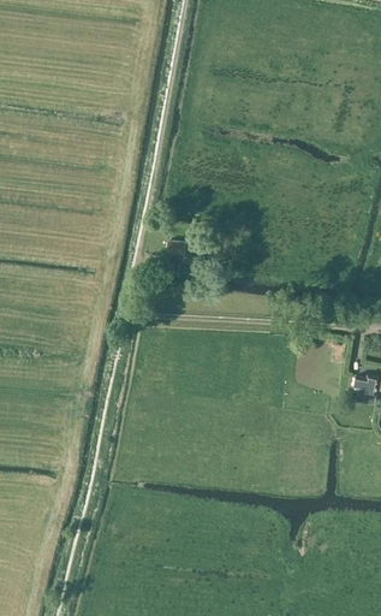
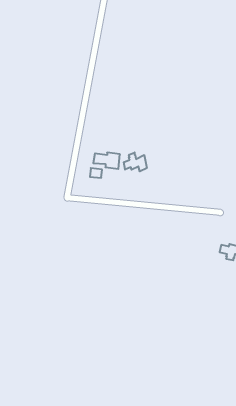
building: none -> [124,152,147,171]

